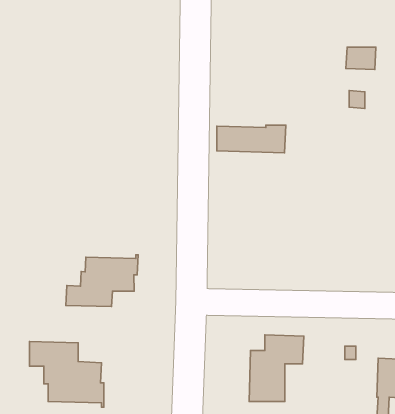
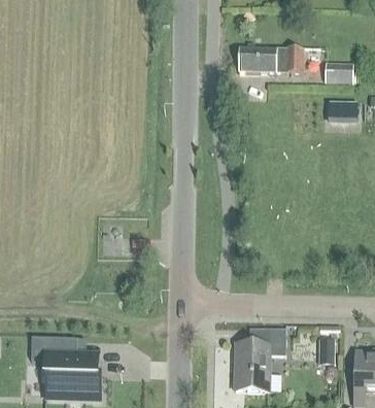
building: [217,125,286,153] -> [239,46,303,72]
building: [66,255,138,307] -> none

